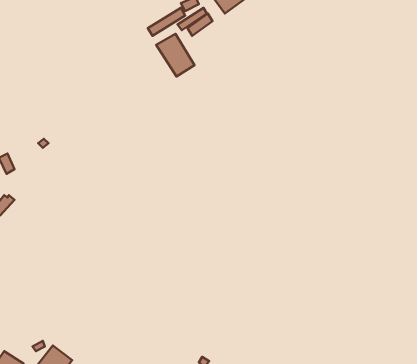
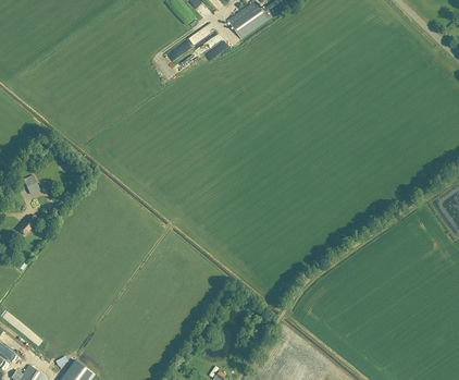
building: [156,34,195,77] -> none

